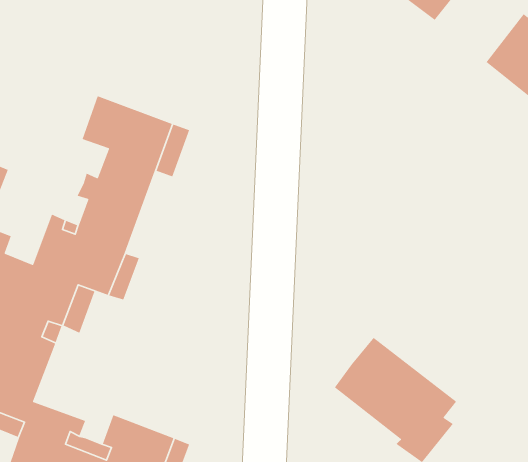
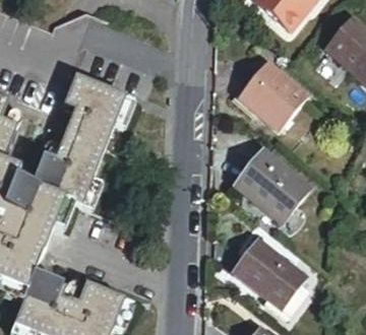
building: none -> [244,66,312,134]
building: none -> [233,148,307,219]

